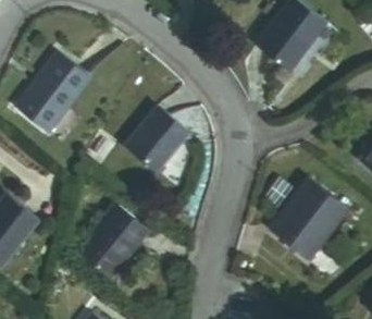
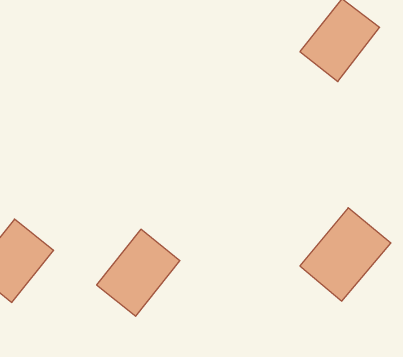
building: [11,47,86,126] -> none
building: [123,107,185,171] -> none

